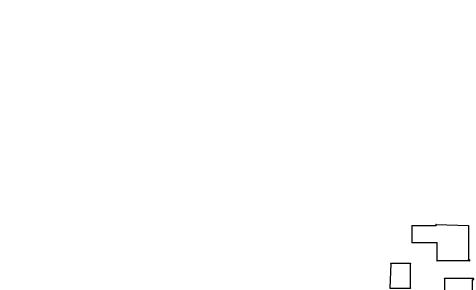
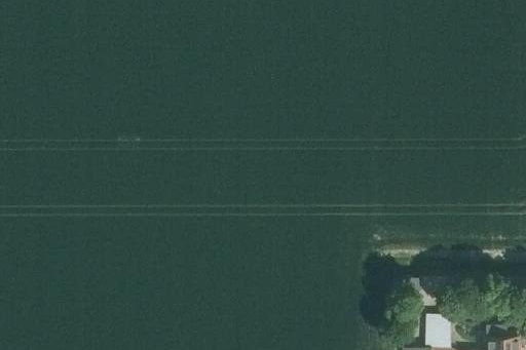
building: [412,224,469,261] -> none

